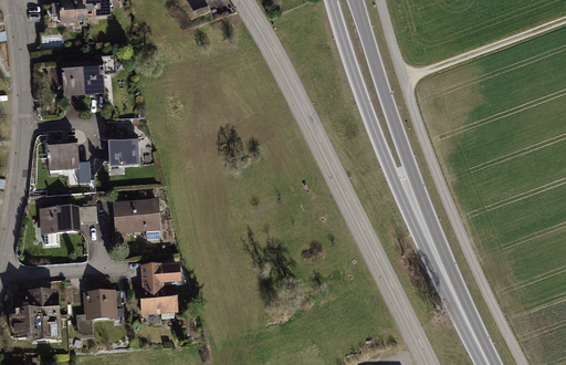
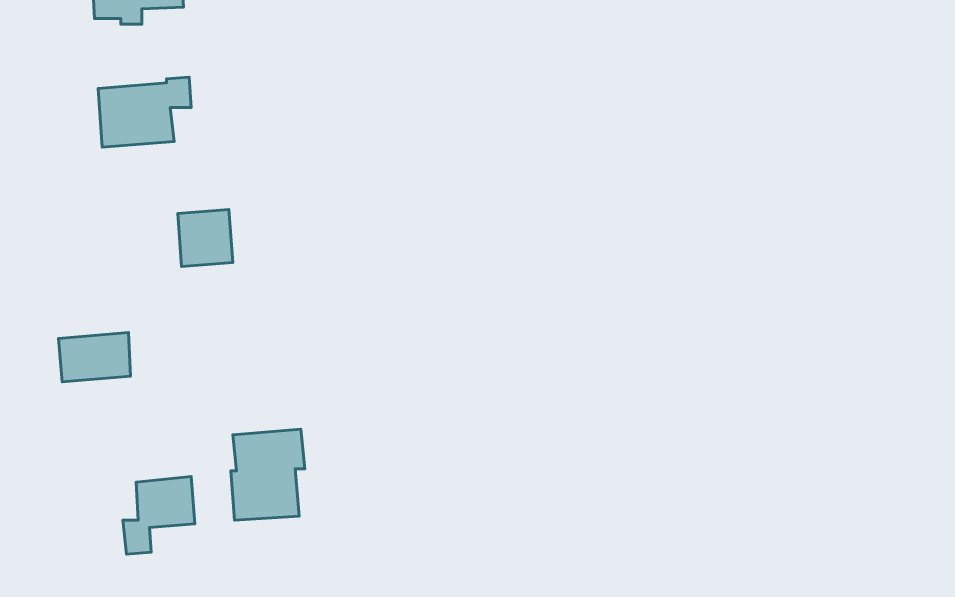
building: [46,137,78,169] -> none
building: [113,198,160,233] -> none
building: [14,289,61,342] -> none

